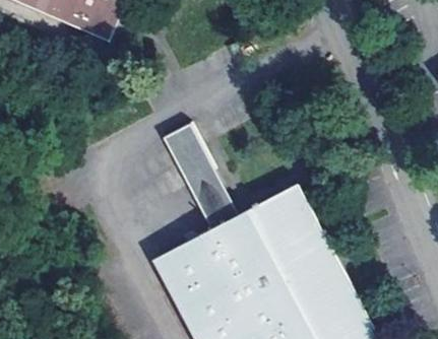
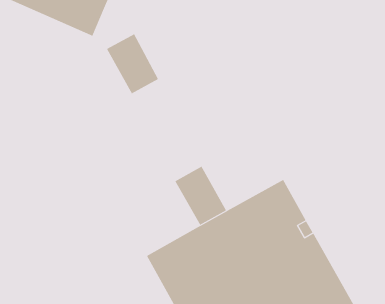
building: [164,126,216,187] -> [106,34,159,94]

